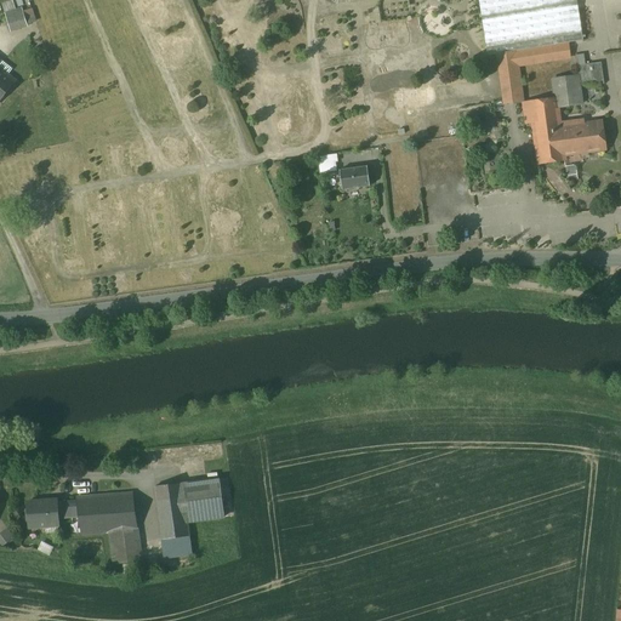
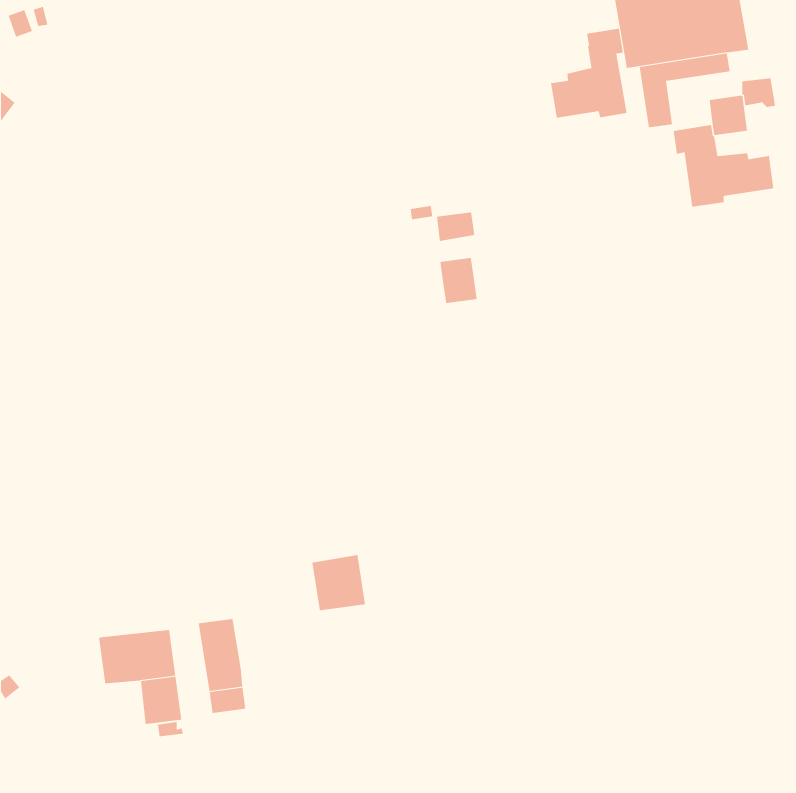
building: none -> [550,28,627,119]
building: none -> [440,257,477,304]
building: [182,477,224,520] -> [311,555,366,611]
building: [27,496,79,526] -> none

